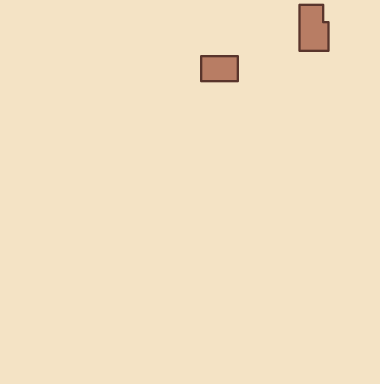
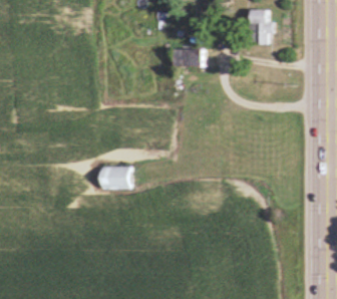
building: none -> [101,166,130,188]

